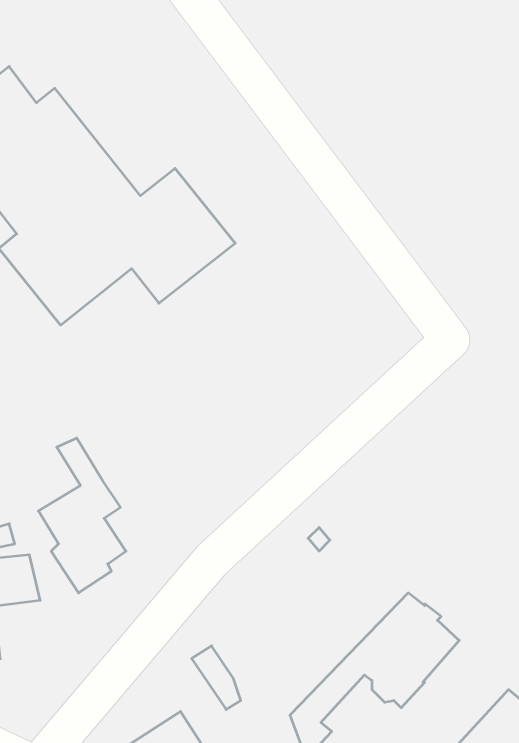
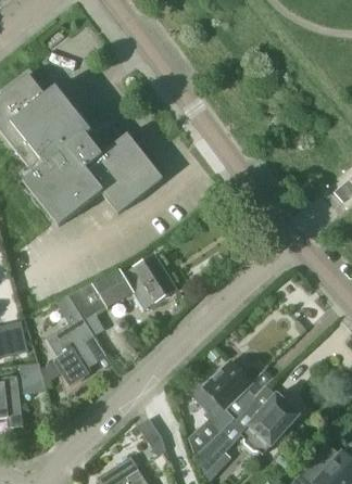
building: none -> [68,253,176,318]
building: none -> [189,359,266,458]

